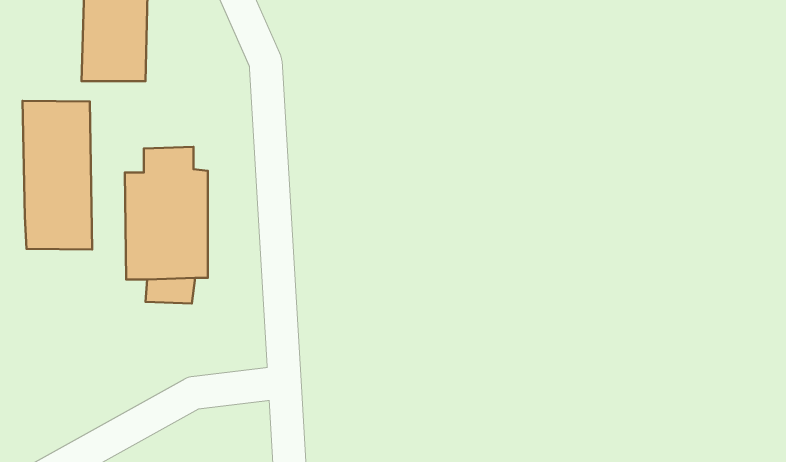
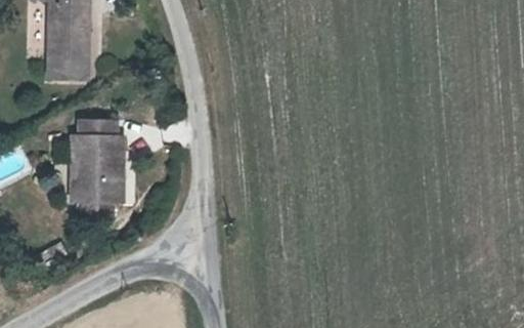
building: [23,101,92,249] -> none

